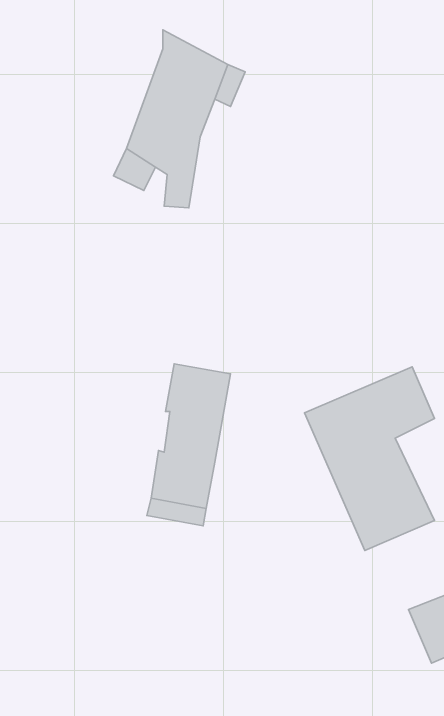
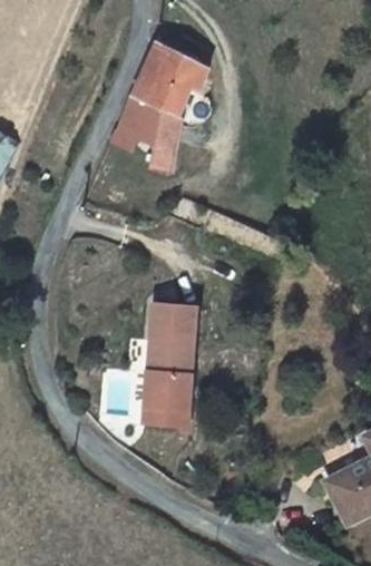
building: [305,367,435,550] -> none

